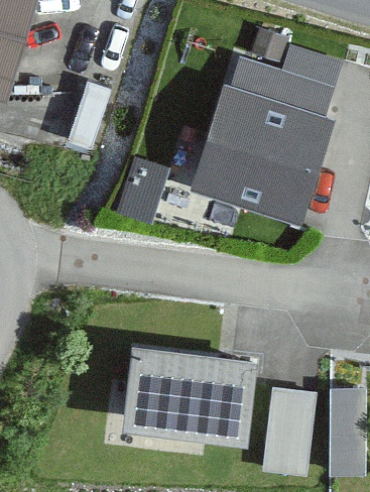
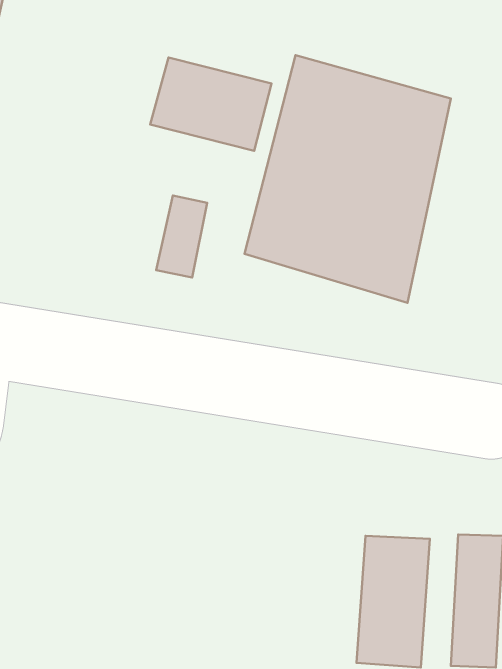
building: none -> [150,57,271,151]
building: [118,345,256,447] -> none

